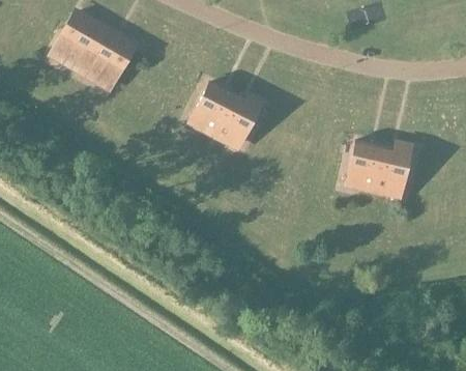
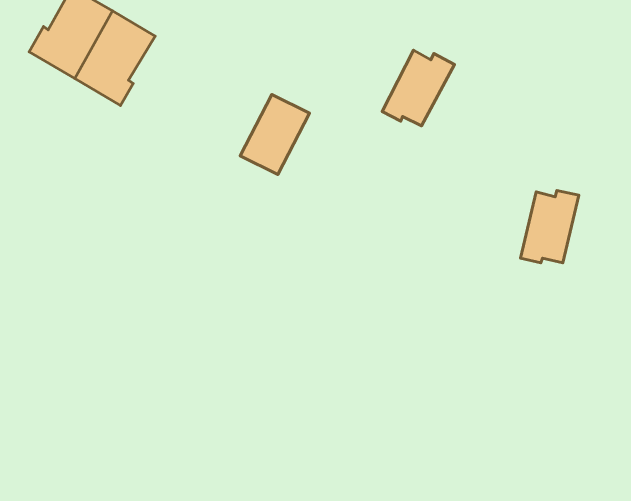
building: [214,95,262,145] -> [382,50,454,126]
building: [347,141,384,191] -> none

